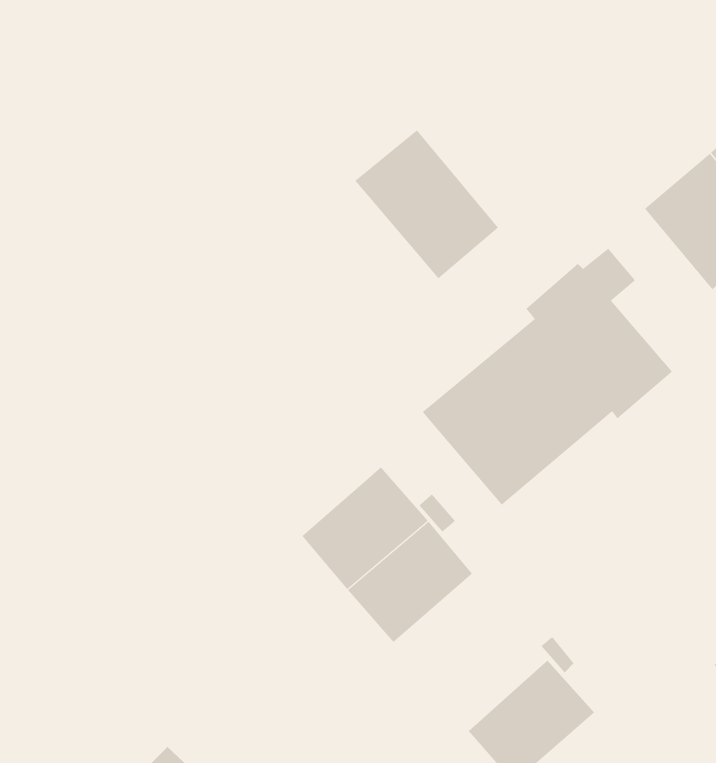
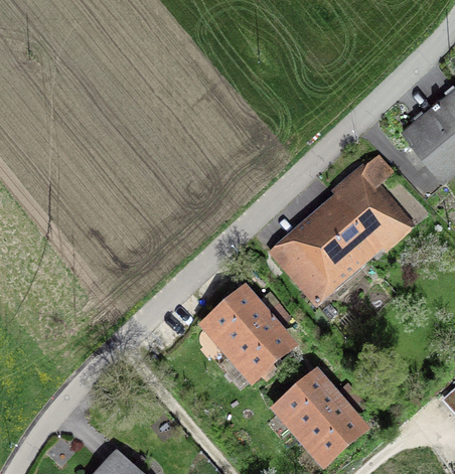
building: [355,129,499,279] -> none
building: none -> [269,366,343,439]

